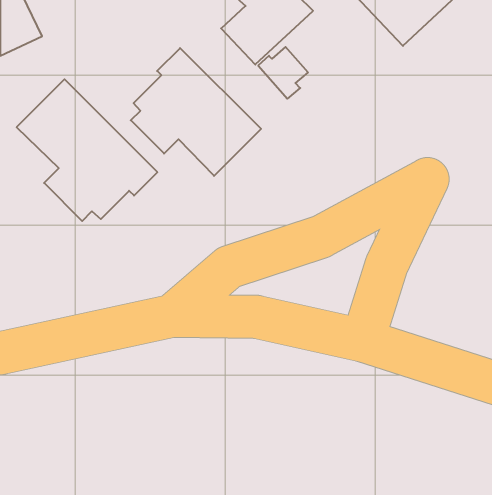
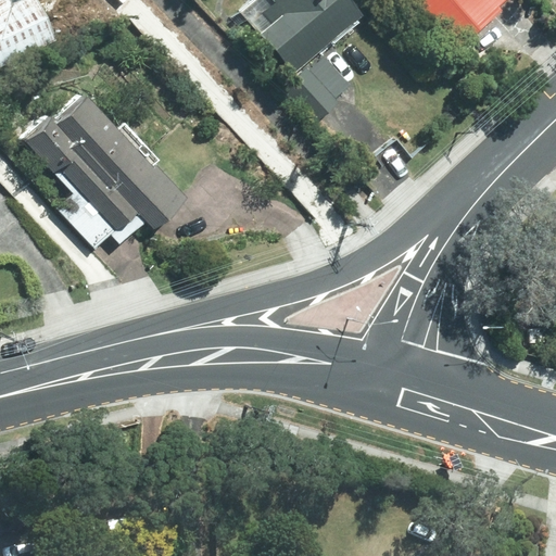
building: [131,48,261,176] -> none

